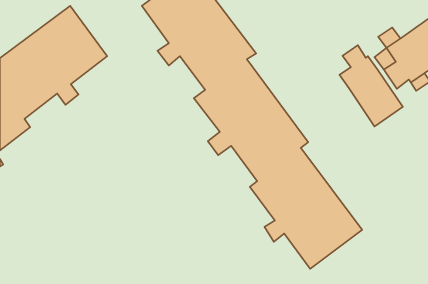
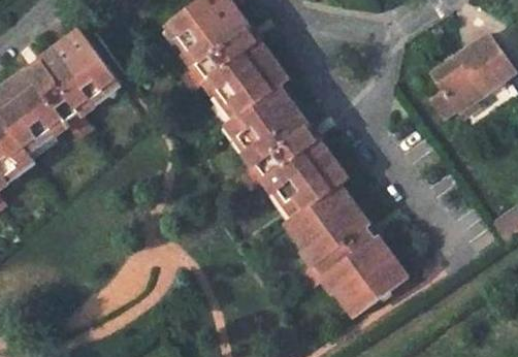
building: [340,45,403,127] -> none

